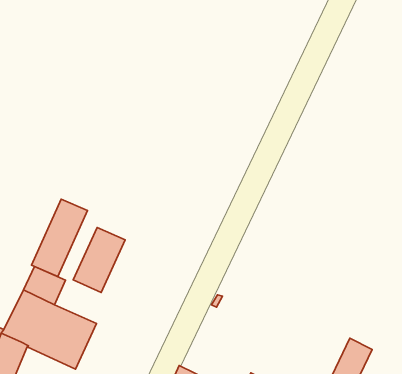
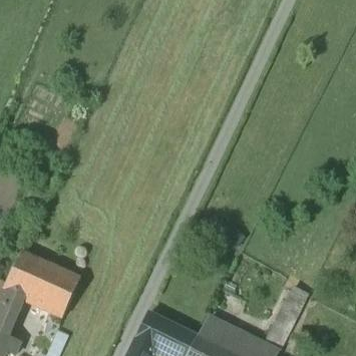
building: [31,199,88,277] -> none
building: [73,227,125,292] -> none

